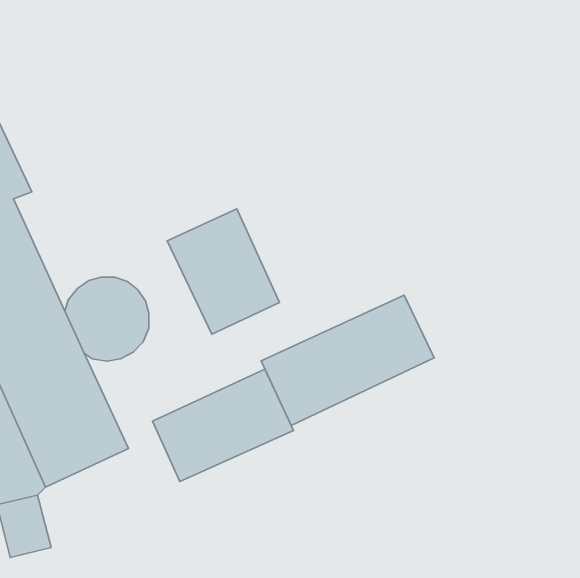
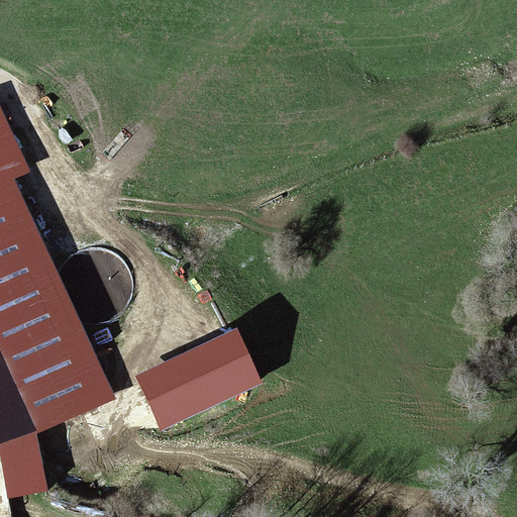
building: [167,209,280,334] -> none
building: [261,295,434,425] -> none

